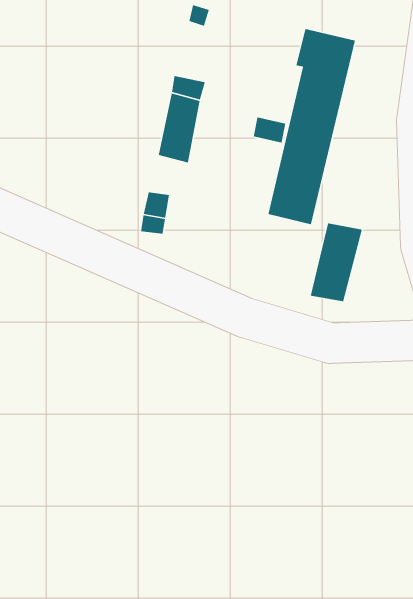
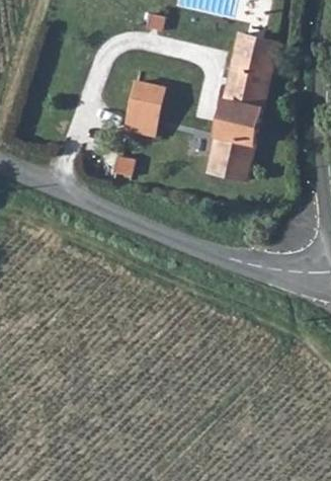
building: [310,222,363,302] -> none

